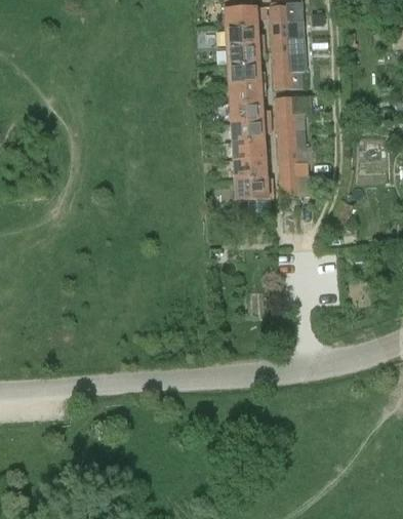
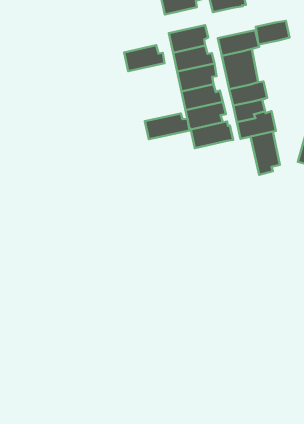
building: [227,64,264,84] -> [124,45,164,71]
building: [273,70,304,88] -> [256,21,290,45]
building: none -> [145,114,190,139]
building: none -> [251,132,280,175]

